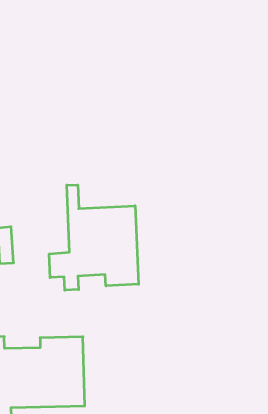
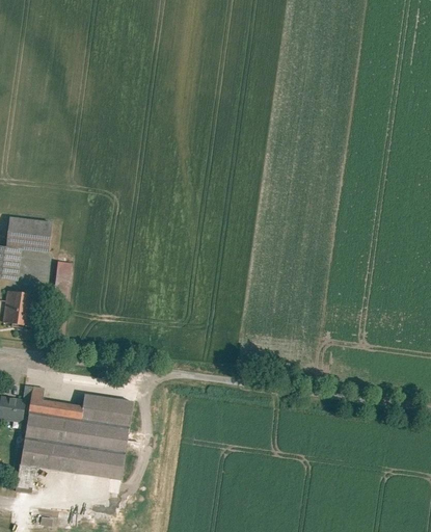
building: [49,185,139,290] -> none

